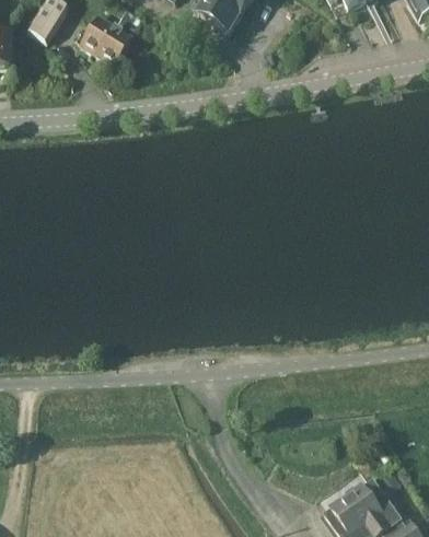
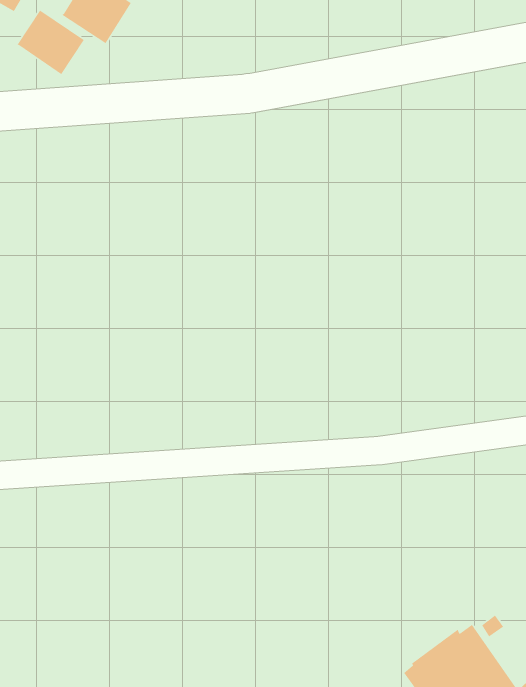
building: none -> [17,9,85,75]

